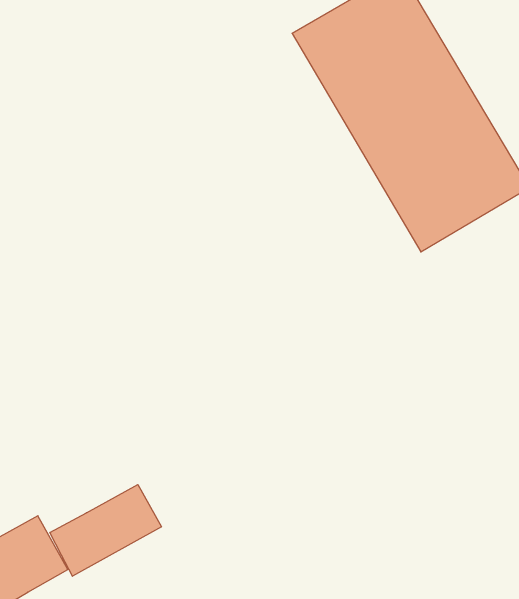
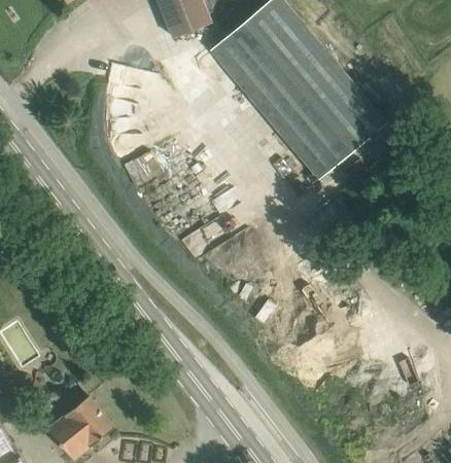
building: [50,485,161,576] -> none

